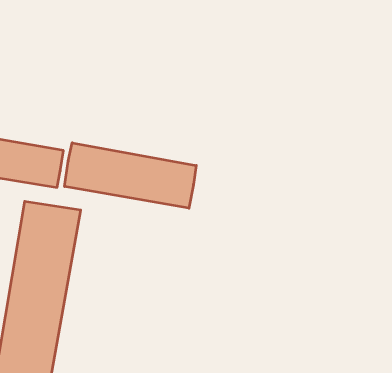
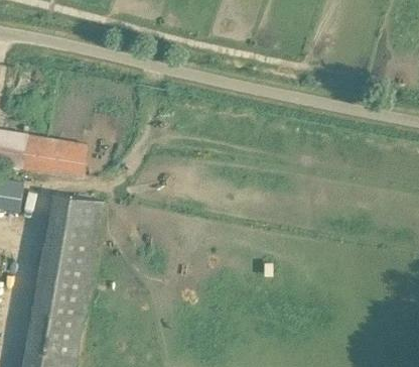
building: [65,143,196,208] -> none

